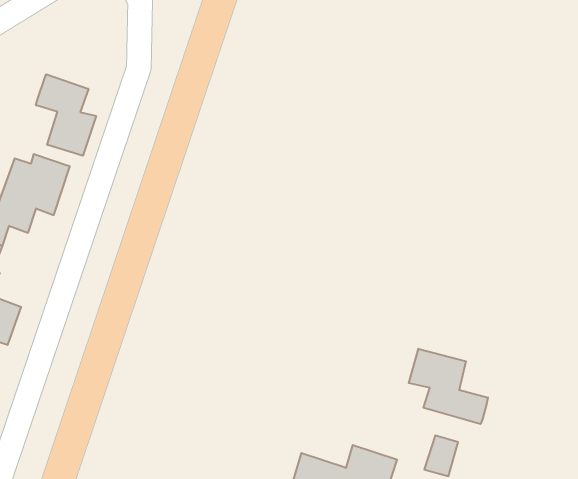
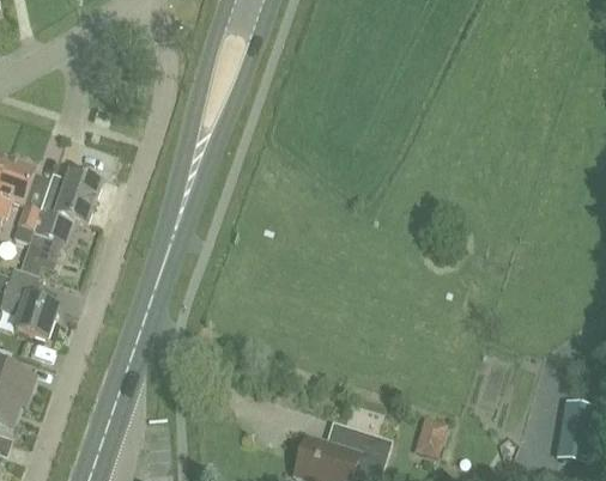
building: [36,74,96,156] -> none
building: [409,349,488,424] -> none

